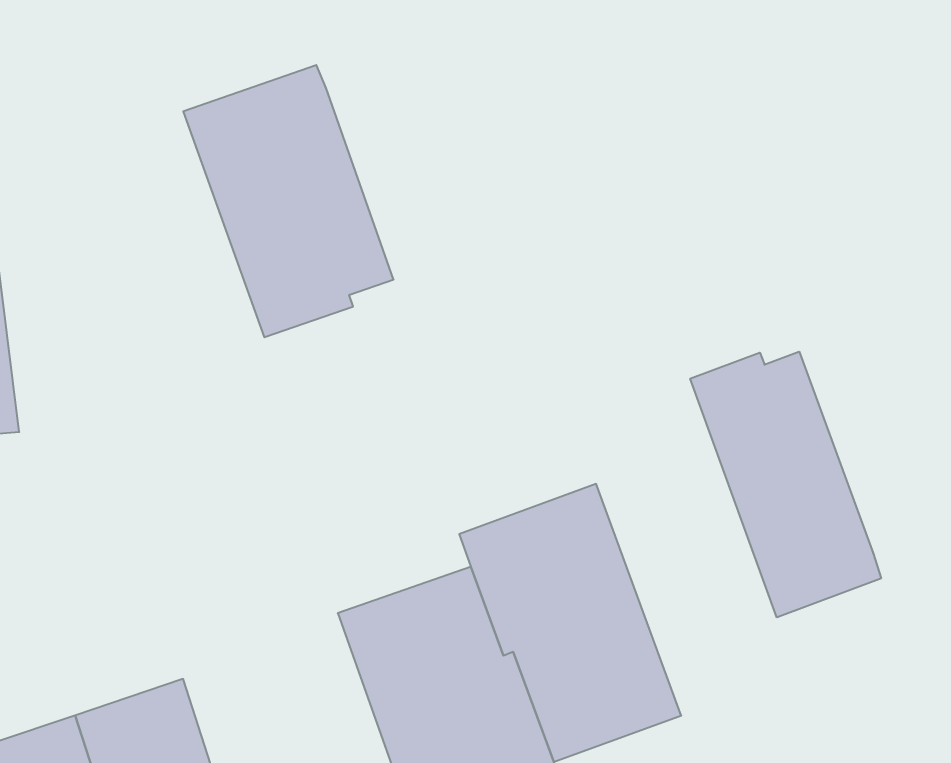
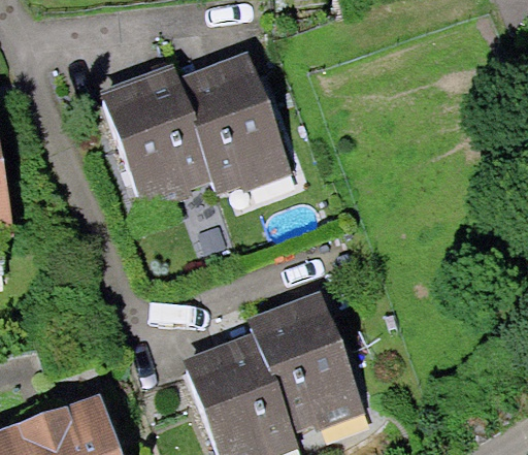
building: none -> [177,52,294,195]
building: [690,352,881,617] -> none

